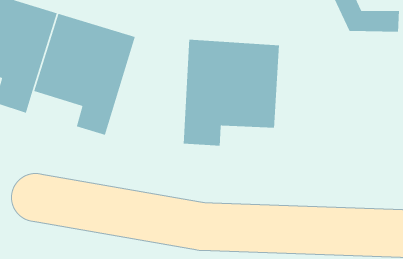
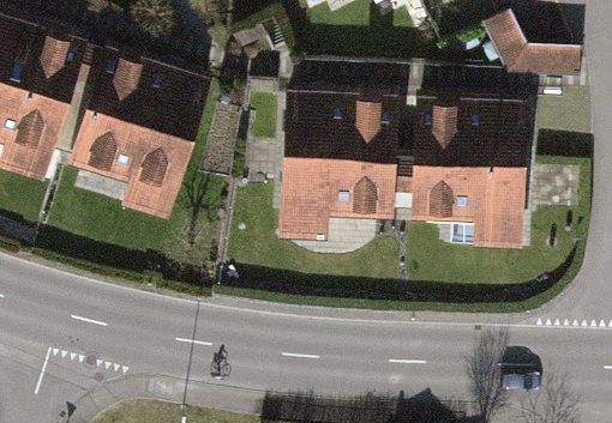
building: none -> [407,91,536,253]

